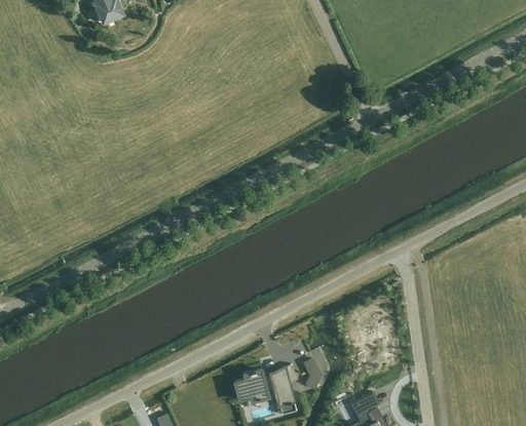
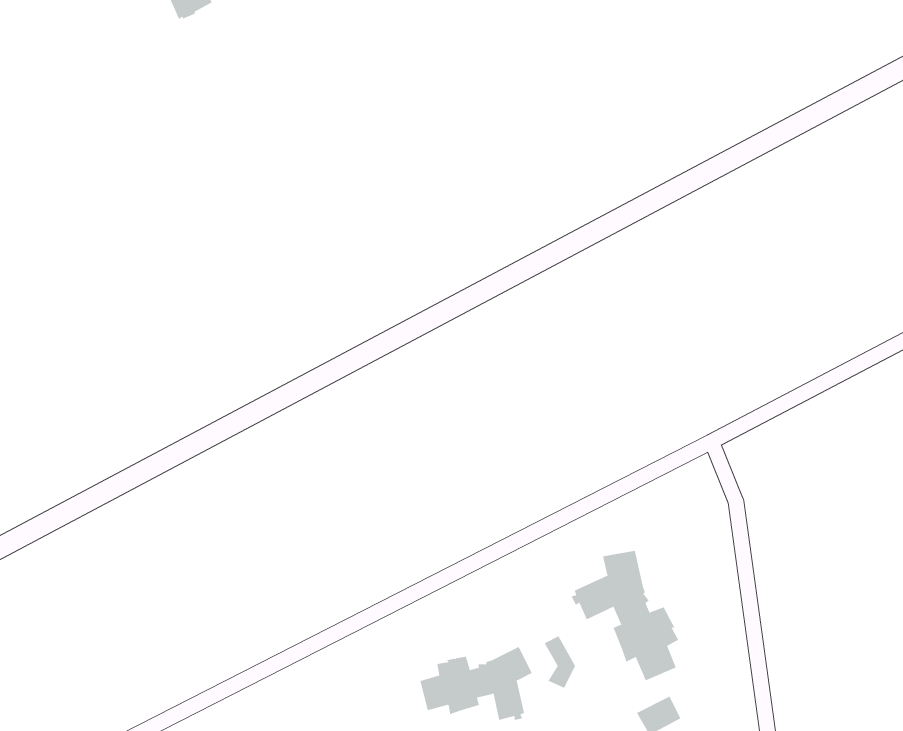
building: none -> [571,547,679,681]

